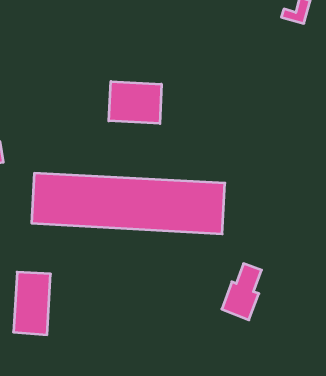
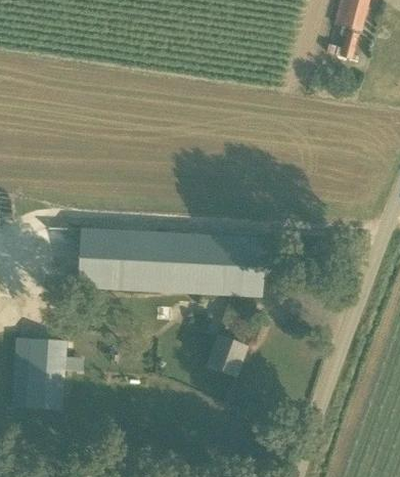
building: [109,81,161,124] -> none
building: [222,264,262,320] -> [204,312,249,376]

